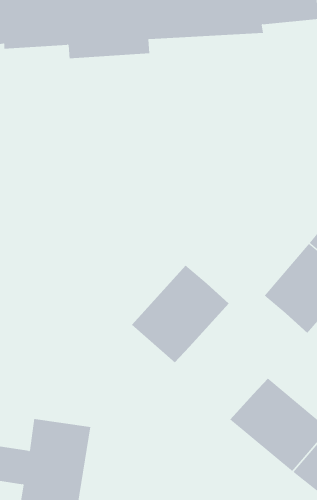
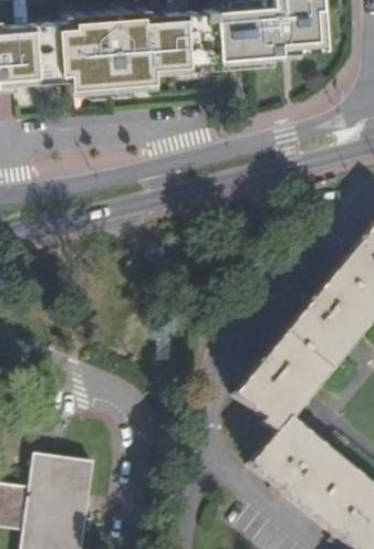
building: [131,265,230,363] -> [222,335,324,436]

